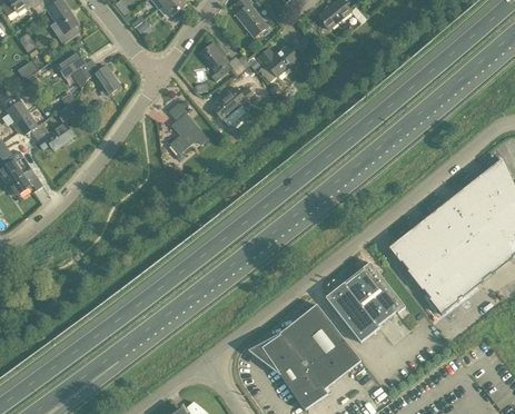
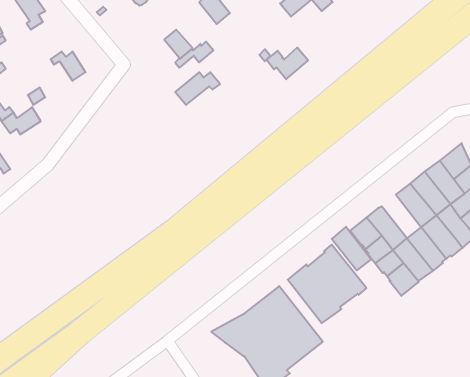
building: [256,45,298,77] -> [267,48,308,79]
building: [55,50,95,78] -> none
building: [167,101,206,151] -> none
building: [420,210,460,255] -> [332,227,371,270]

